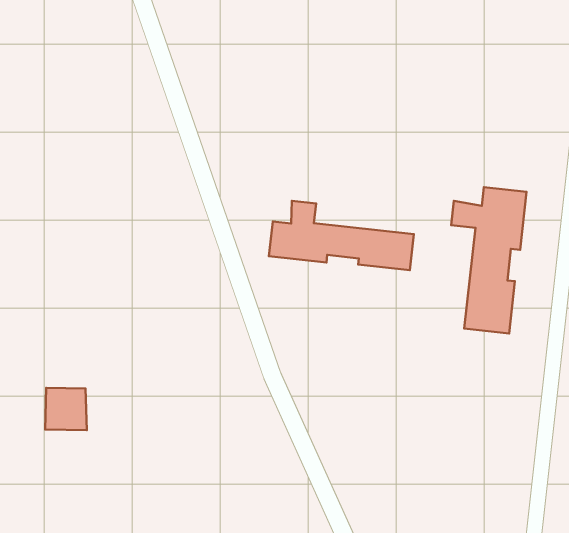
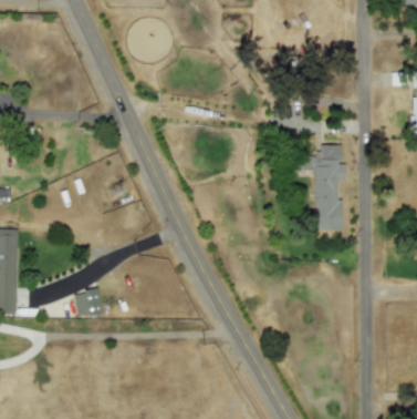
building: [269,201,414,270] -> none

